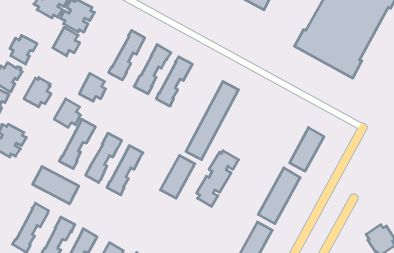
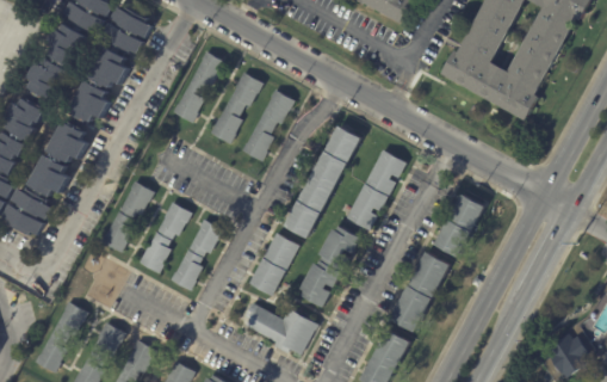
building: none -> [42,23,81,64]
building: [79,73,106,101] -> [73,80,111,121]
building: none -> [345,149,405,230]
building: [54,99,81,127] -> [30,154,68,196]
building: [33,166,79,204] -> none
building: none -> [243,302,316,355]

